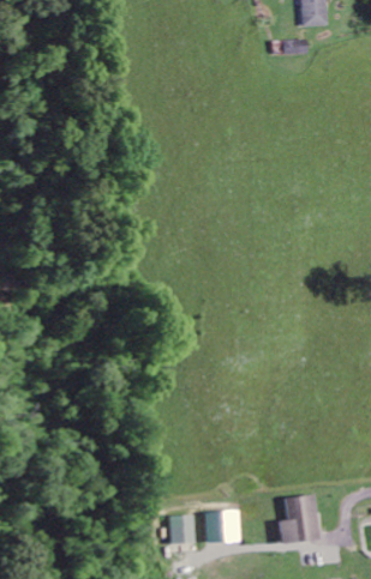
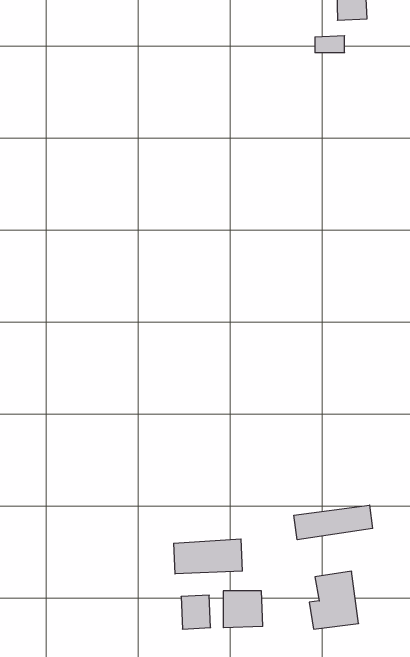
building: none -> [294,505,373,540]
building: none -> [174,539,242,574]

